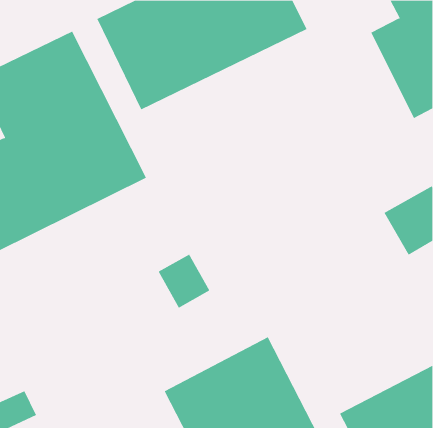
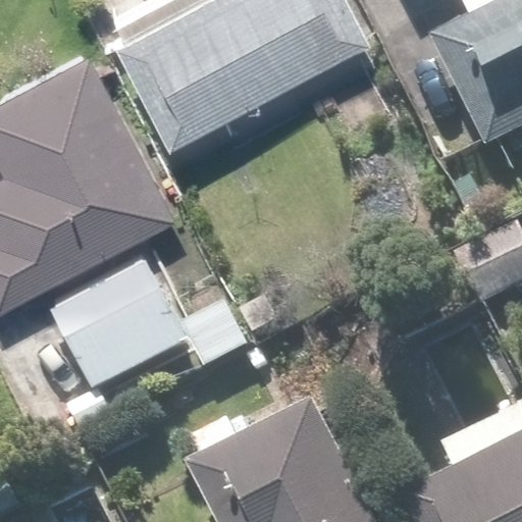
building: none -> [44,257,192,405]

